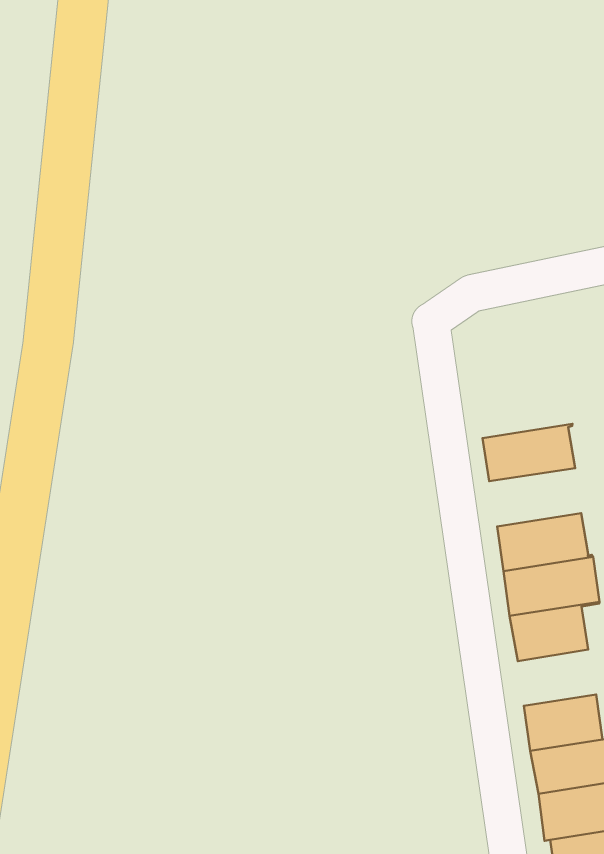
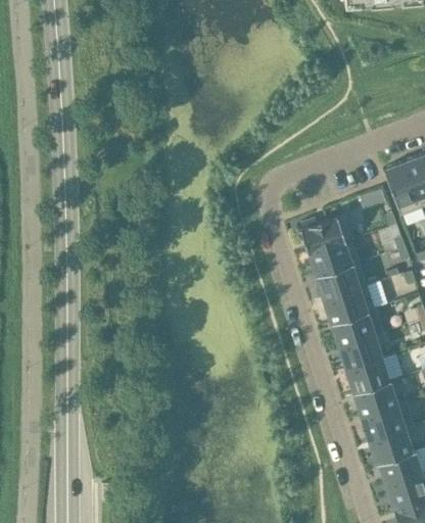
building: none -> [297,213,352,253]
building: none -> [313,262,365,299]
building: none -> [343,358,388,393]

